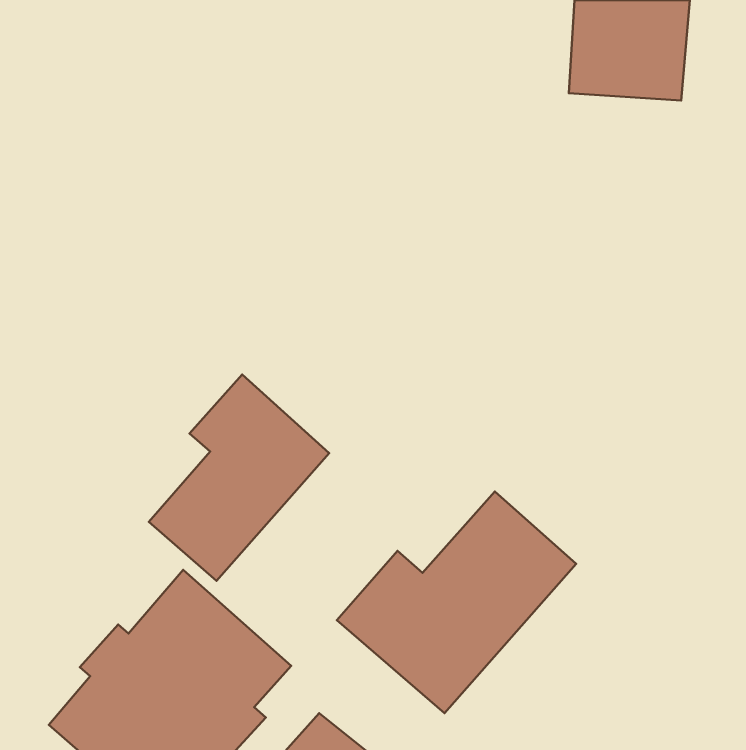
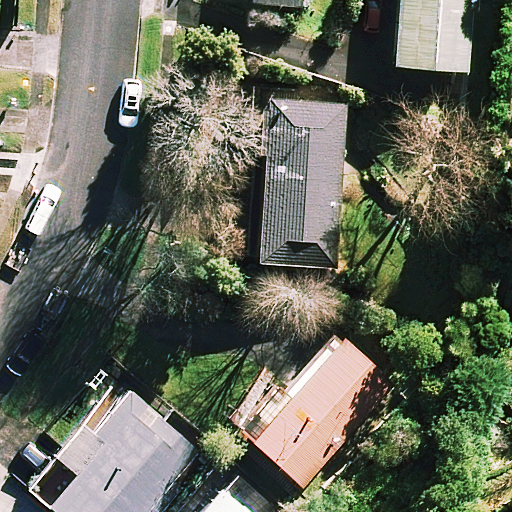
building: none -> [247,95,344,266]
building: [149,374,329,581] -> none

